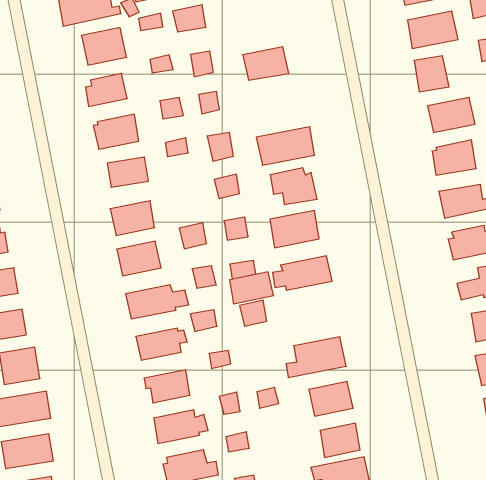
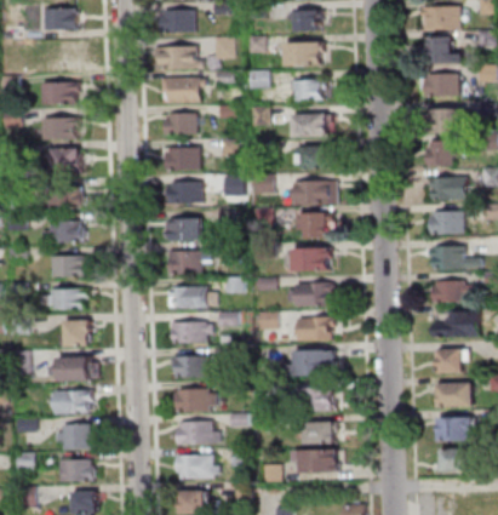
building: none -> [292,81,324,102]
building: none -> [296,145,328,167]
building: [230,272,274,304] -> [298,319,331,339]

